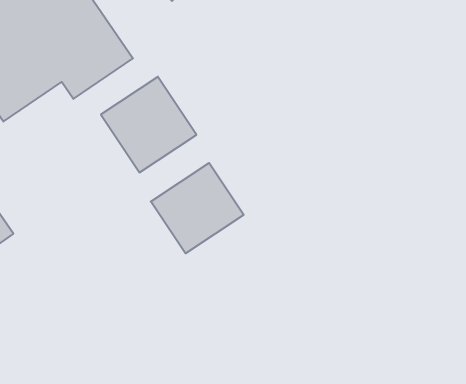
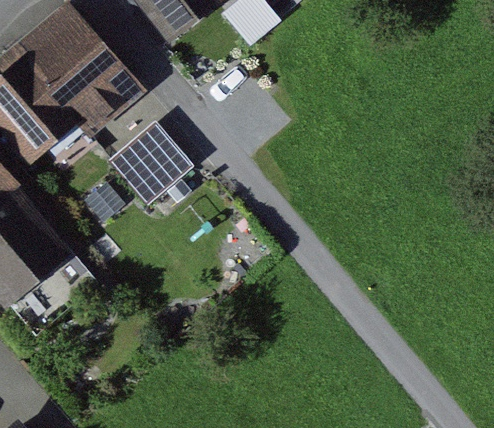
building: [151,163,244,253] -> none

